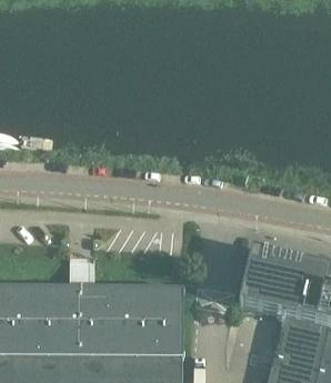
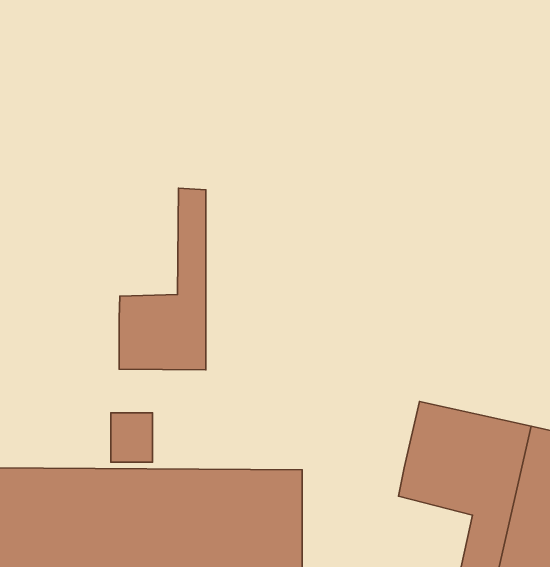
building: none -> [119,188,206,370]

